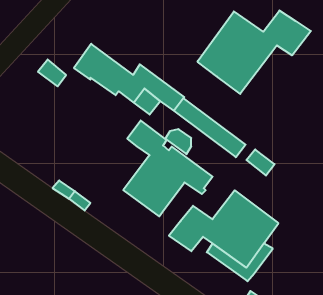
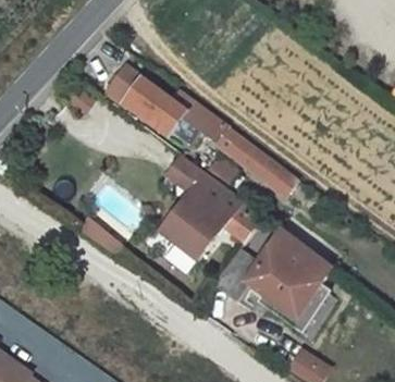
building: [198,10,311,94] -> none

